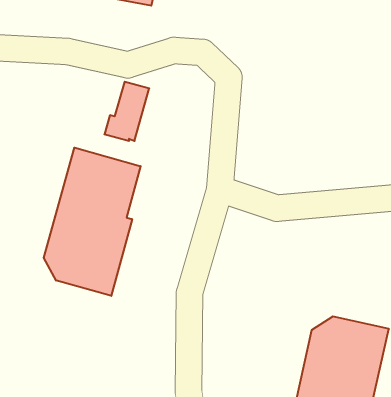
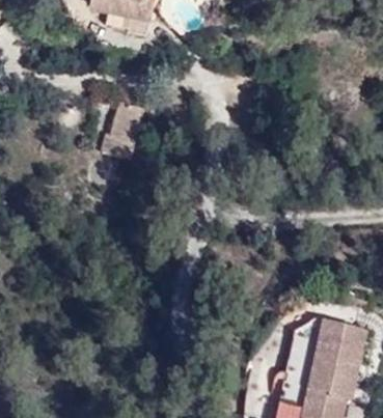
building: [44,148,141,296] -> none

